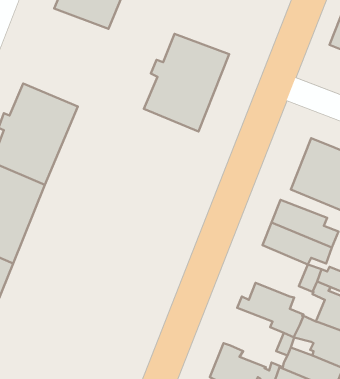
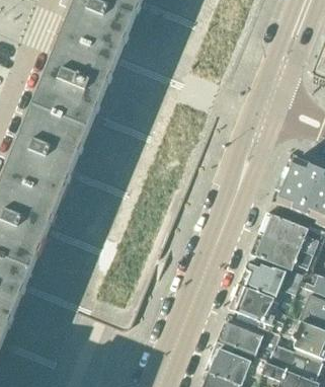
building: [144,34,229,132] -> [38,43,114,130]
building: none -> [245,260,286,299]
building: none -> [223,320,270,362]

